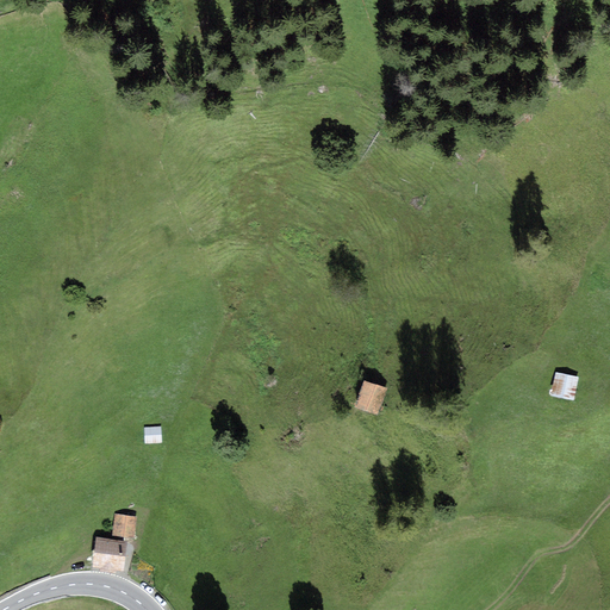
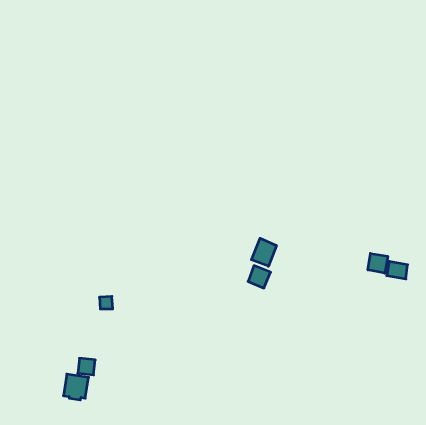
building: none -> [251,238,276,266]
building: none -> [368,253,388,273]

